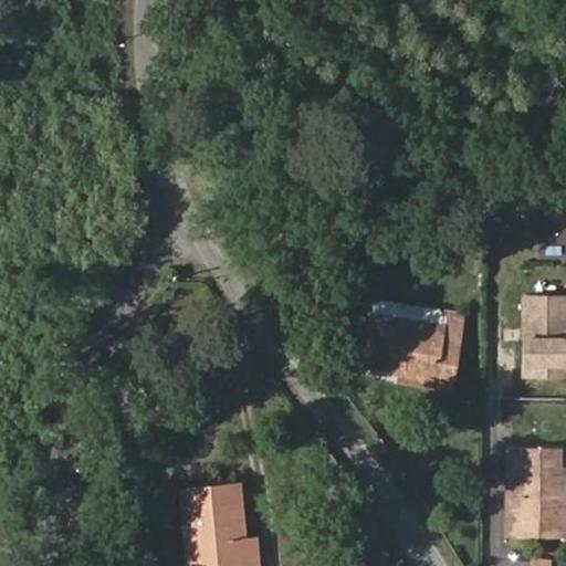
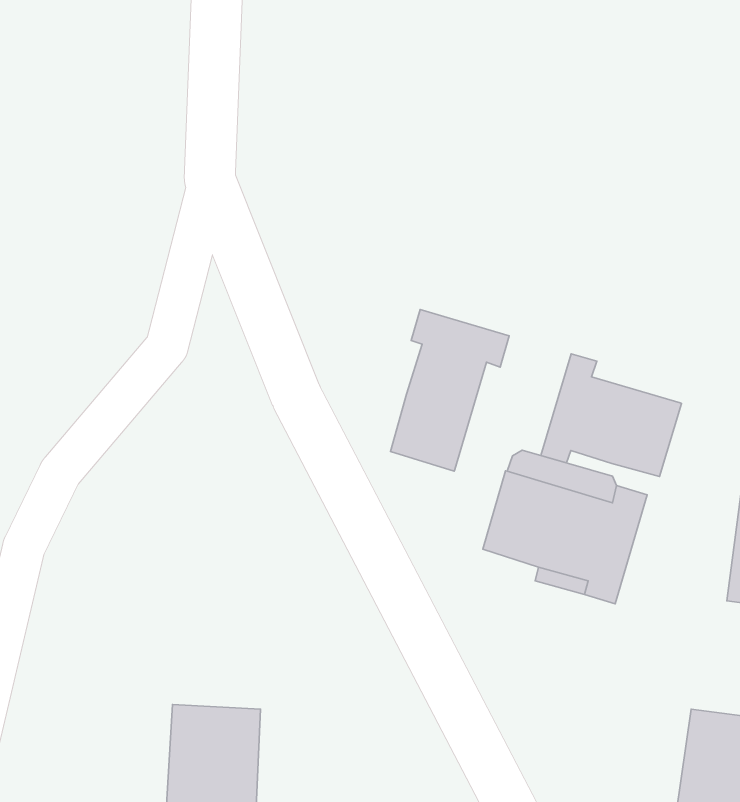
building: none -> [390,309,509,471]
building: none -> [541,354,682,476]

